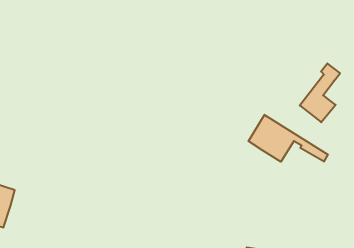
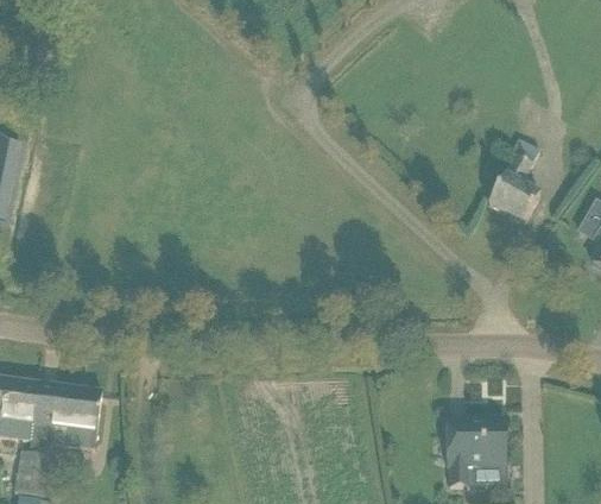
building: [249,115,328,162] -> none

